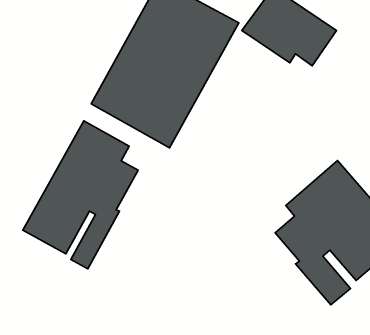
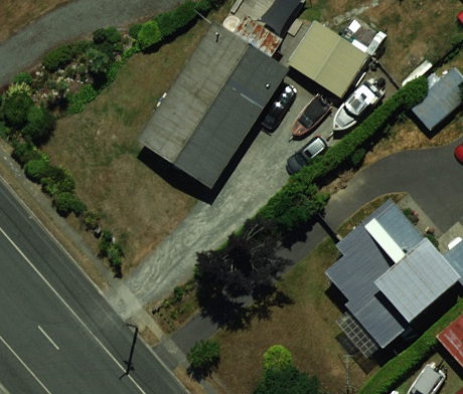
building: [23,121,138,269] -> none

